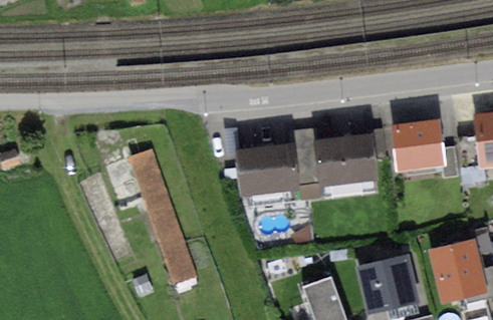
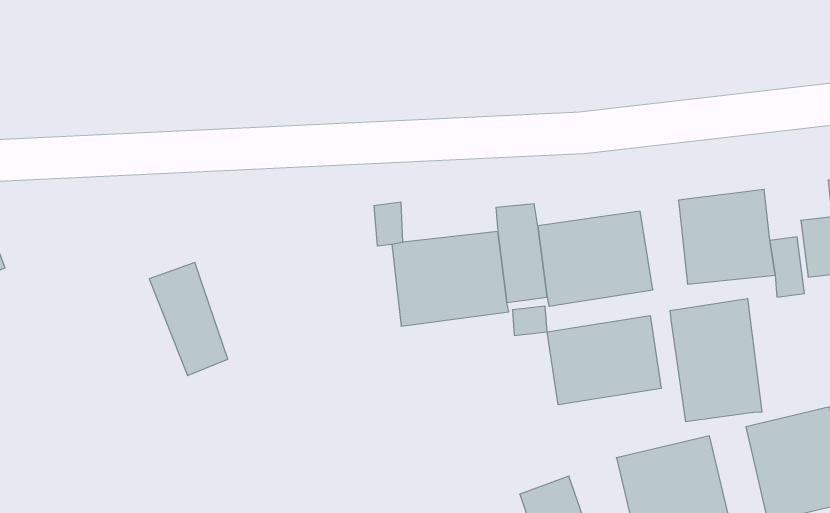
building: [130,147,197,284] -> none
building: none -> [670,298,762,422]
building: none -> [547,316,661,405]

